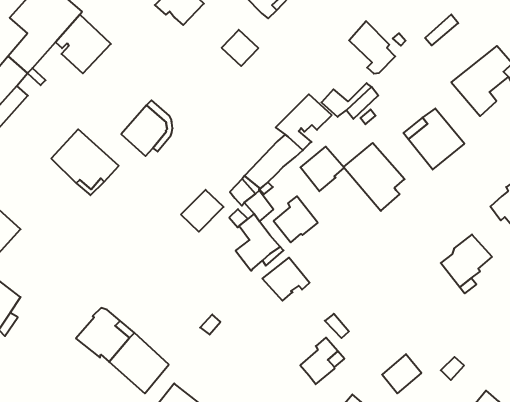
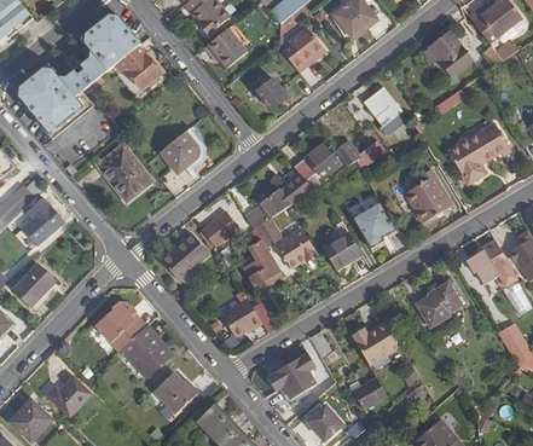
building: [300,147,344,191] -> [323,232,360,270]
building: none -> [161,233,208,280]
building: [262,258,310,301] -> [221,300,261,336]
building: none -> [353,323,400,364]

